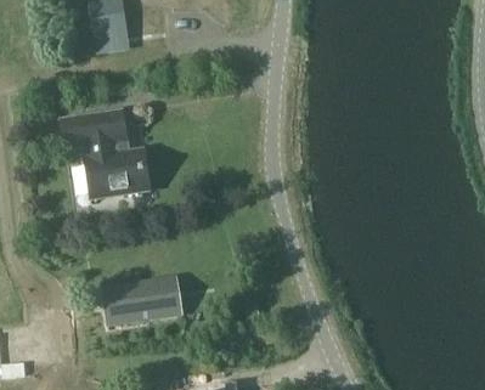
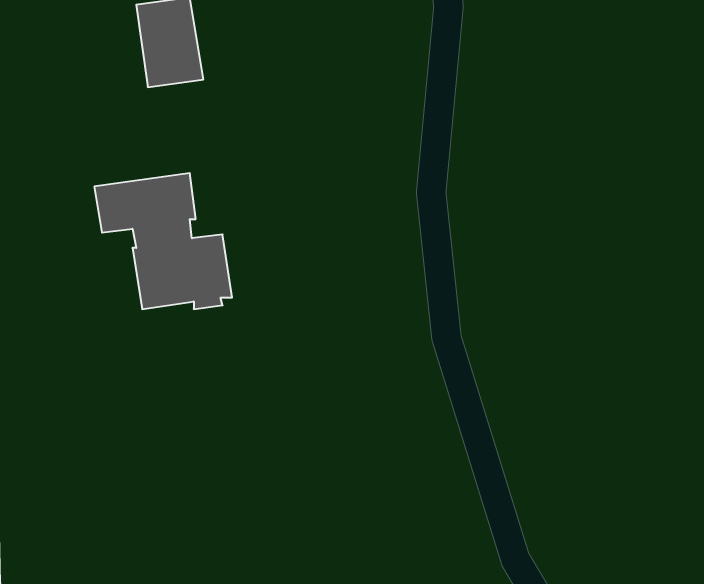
building: [103,276,181,324] -> none

